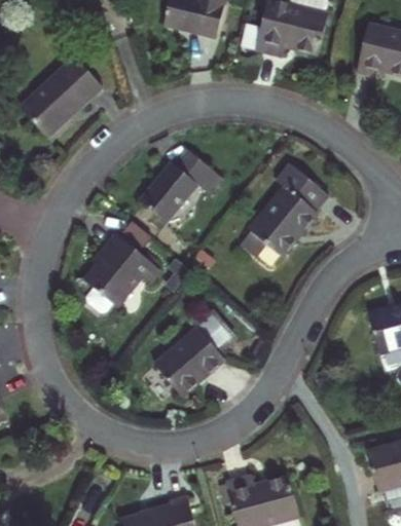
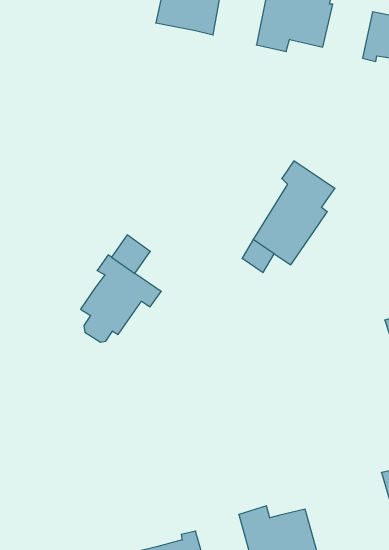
building: [23,55,104,138] -> none
building: [138,150,207,223] -> none
building: [167,313,241,394] -> none

